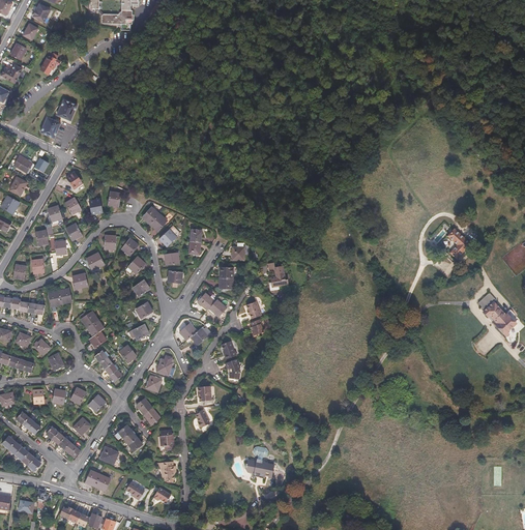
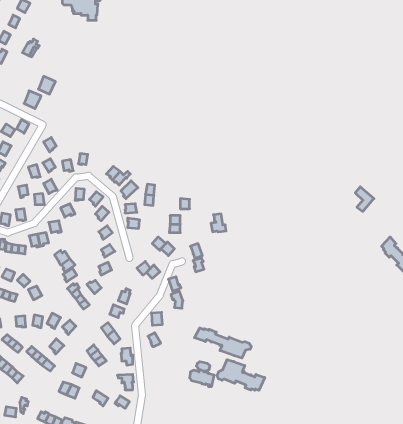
building: none -> [194,328,251,358]
building: none -> [217,360,265,390]

